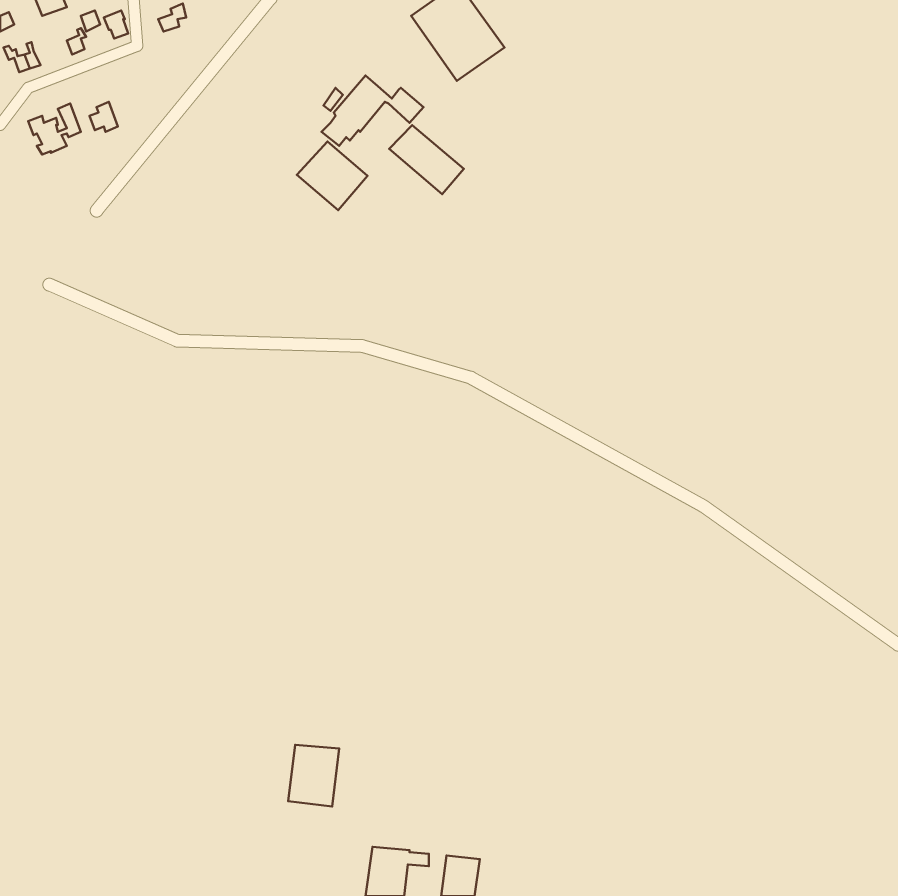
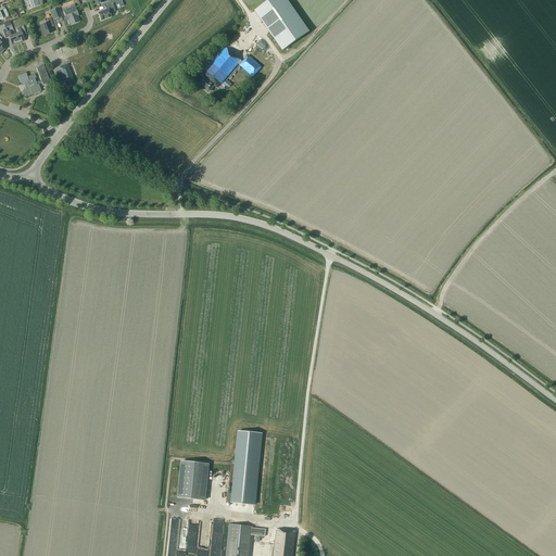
building: [389,125,464,194] -> none
building: [297,142,368,210] -> none
building: none -> [226,430,262,504]

